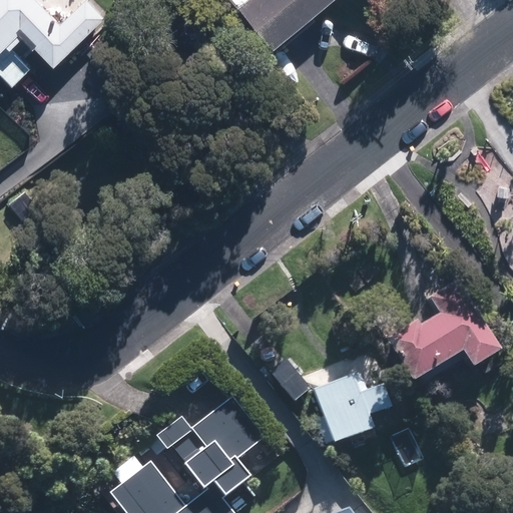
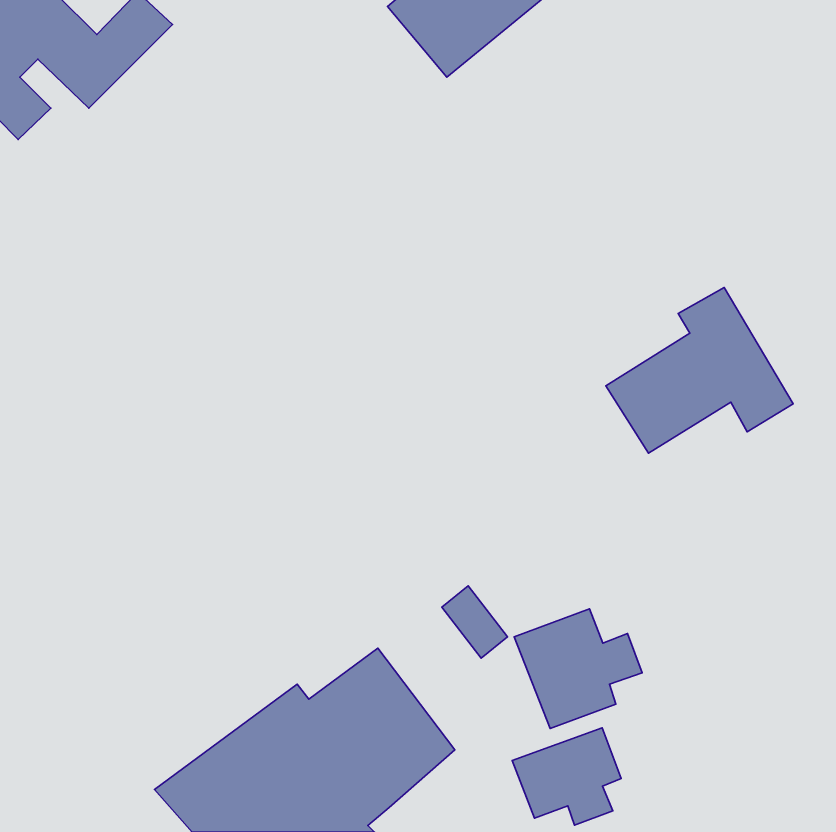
building: [388,284,502,385] -> [606,287,793,453]
building: none -> [512,728,621,825]

